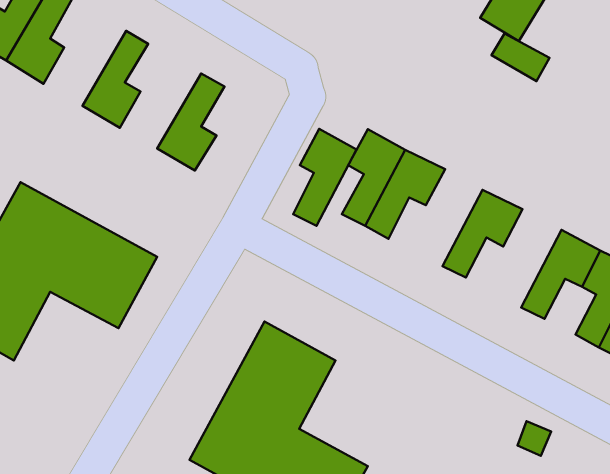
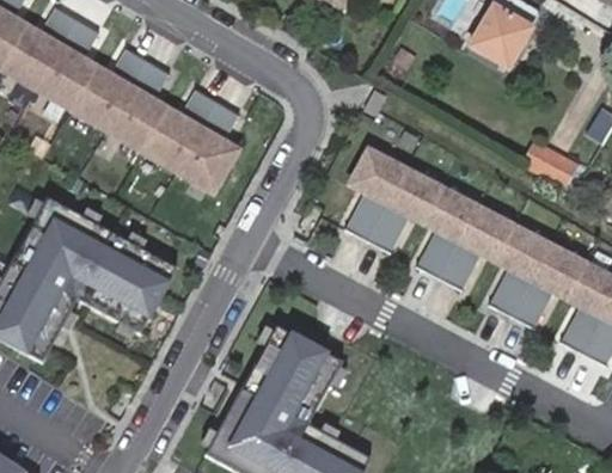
building: none -> [69,45,146,128]
building: [491,33,550,81] -> [526,142,580,186]
building: none -> [140,86,215,167]
building: [293,129,357,226] -> [417,186,476,276]
building: none -> [490,223,549,314]

